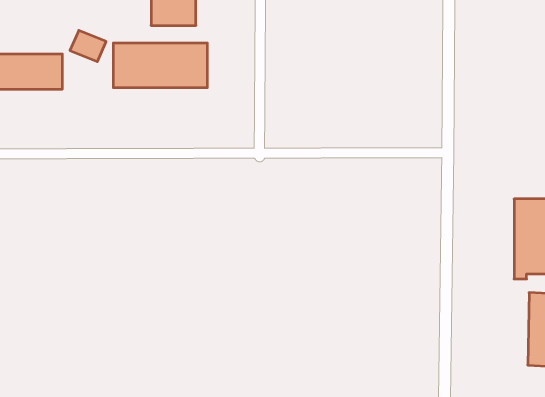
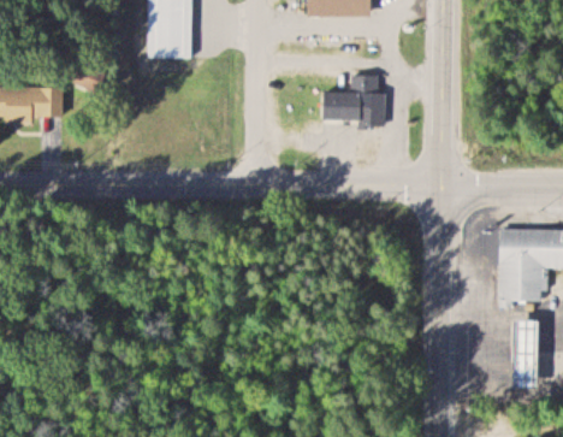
building: none -> [324,76,381,123]
building: [113,43,207,88] -> none

